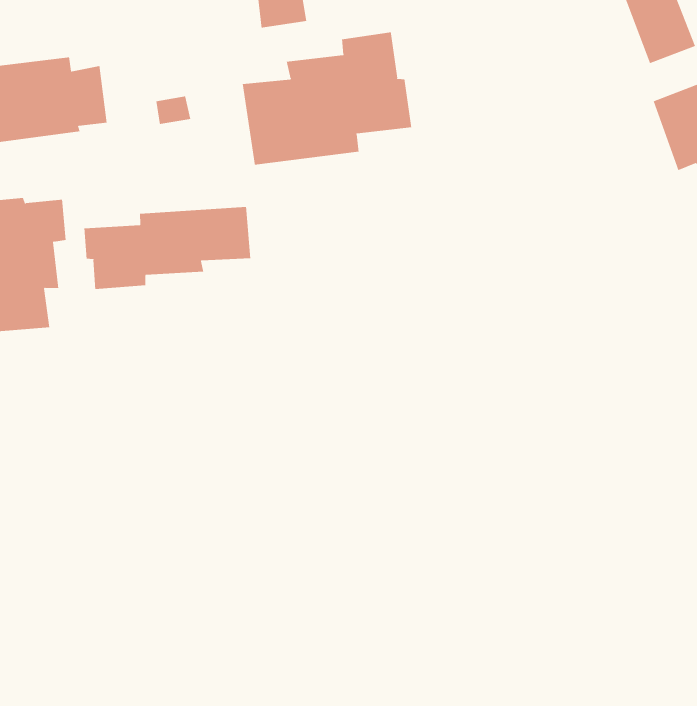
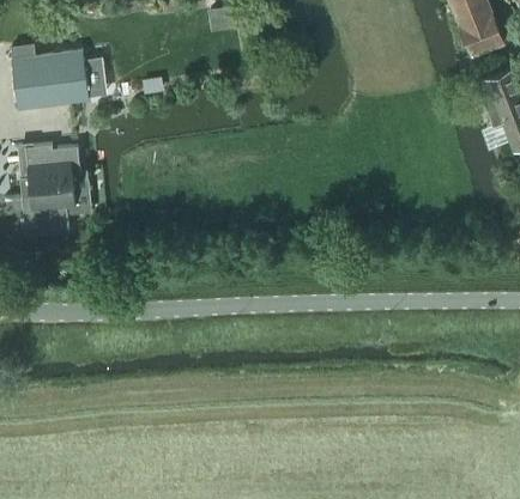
building: [242,31,412,166] -> none
building: [84,206,251,290] -> none

